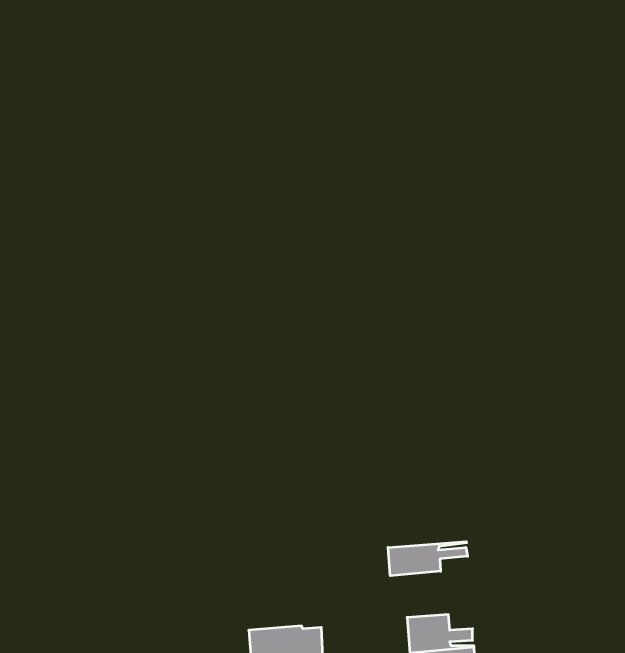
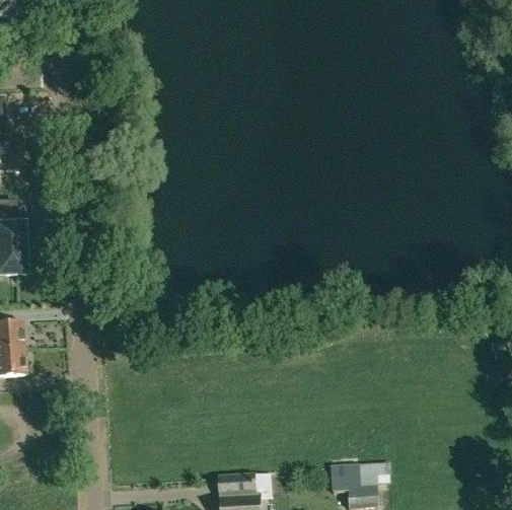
building: [388,542,468,576] -> none

